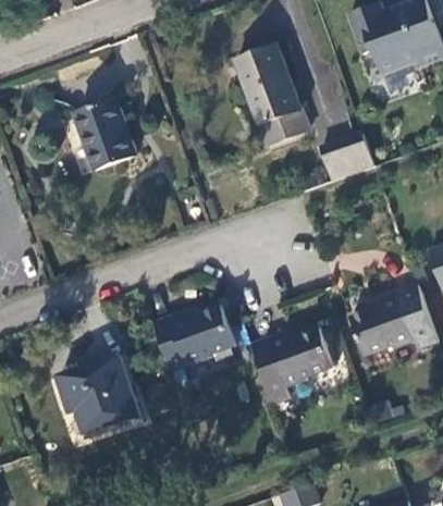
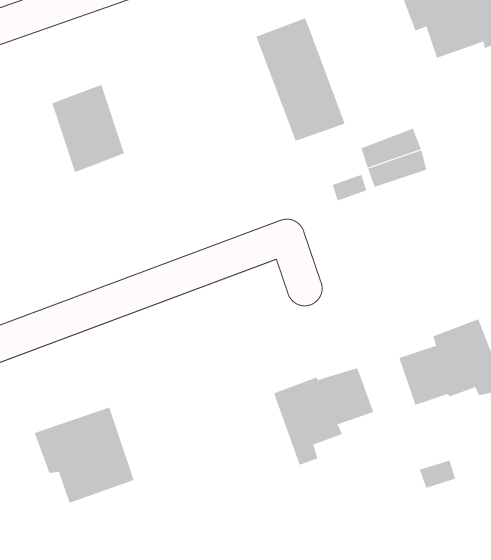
building: [152,306,234,371] -> none

